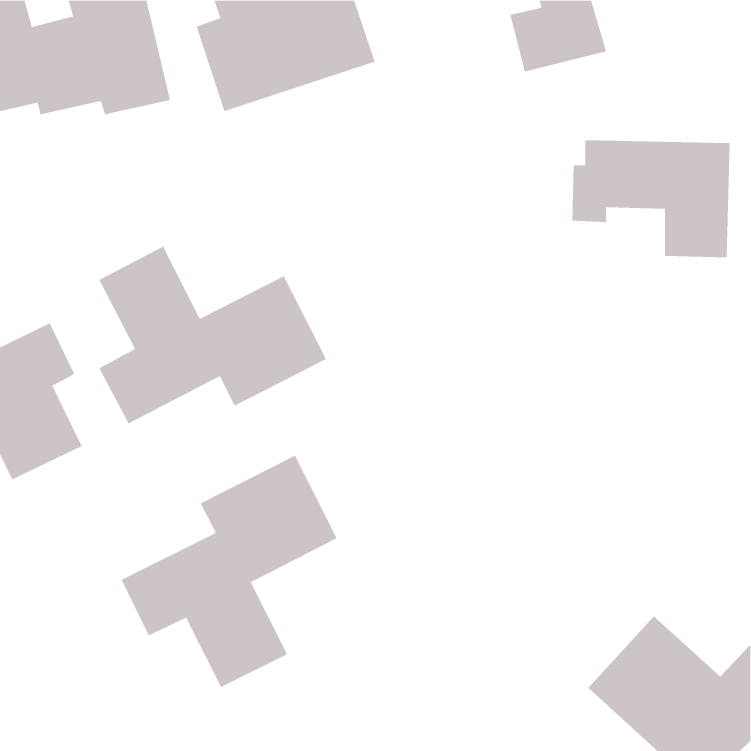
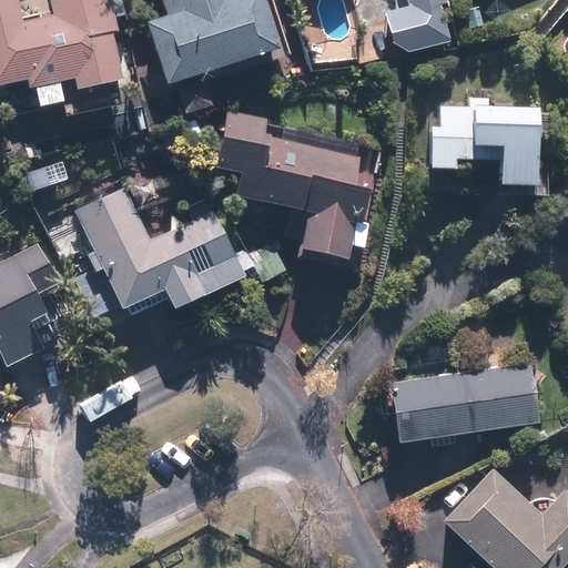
building: none -> [217,112,364,268]
building: [121,455,338,688] -> none
building: none -> [392,362,540,442]

